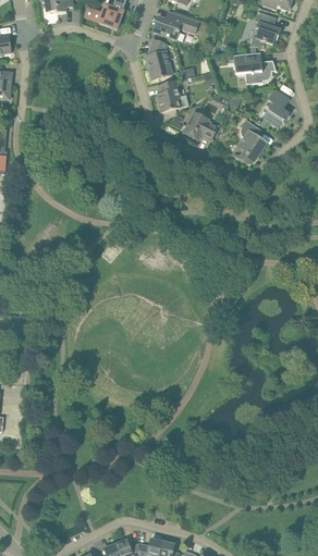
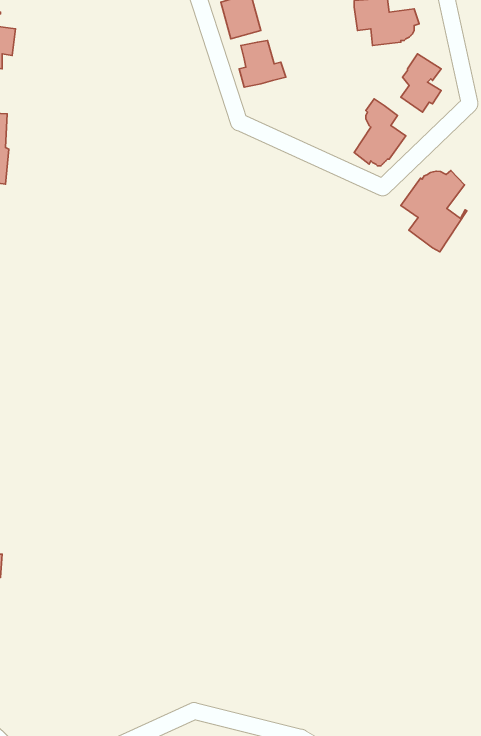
building: [184,111,218,139] -> none
building: none -> [401,170,467,252]

